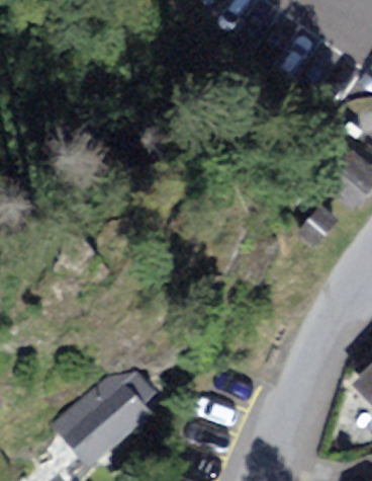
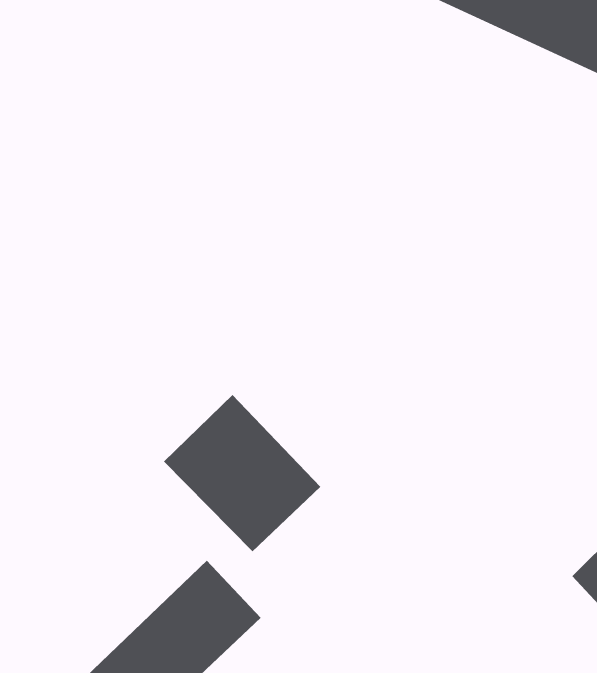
building: none -> [163,394,321,552]

